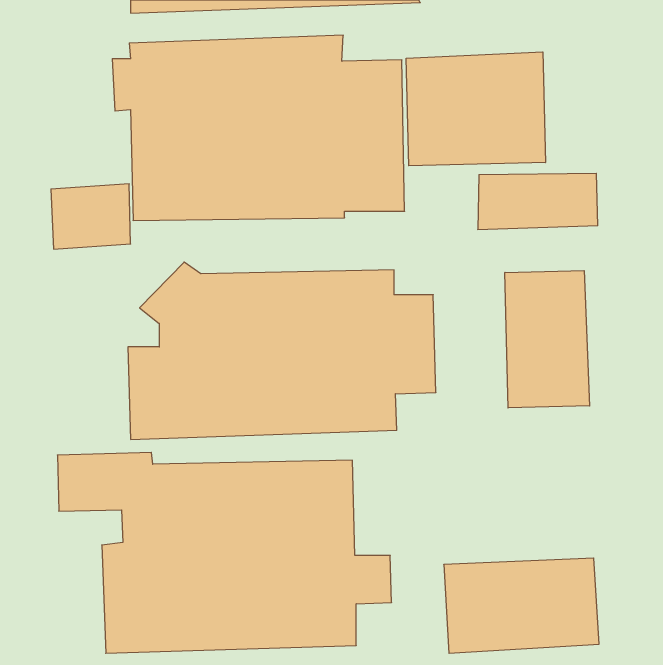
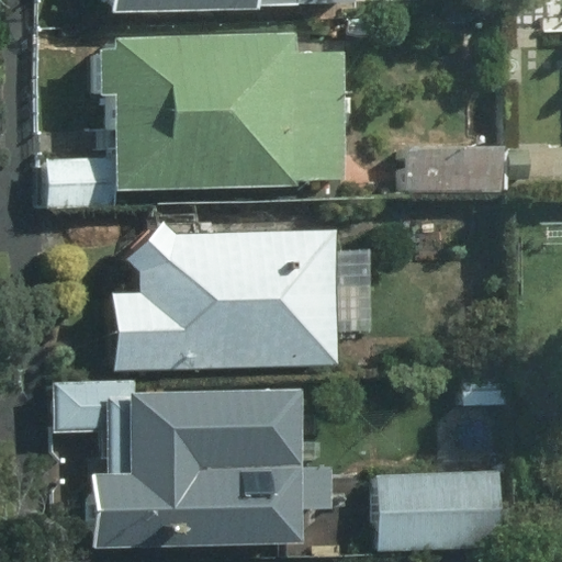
building: [406,52,545,166] -> none
building: [505,271,590,408] -> none

